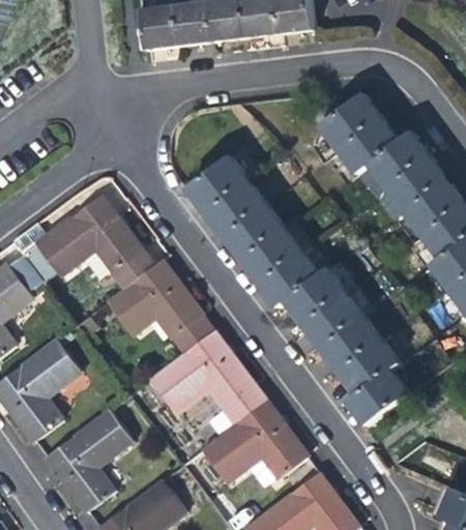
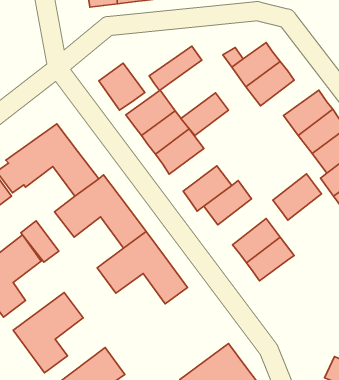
building: none -> [149,46,202,91]
building: none -> [99,63,145,110]
building: [369,132,430,187] -> none
building: [241,229,301,283] -> [181,93,229,136]
building: [302,292,363,350] -> [273,174,321,220]
building: none -> [21,221,59,262]
building: [347,370,409,426] -> none
building: [202,404,304,482] -> none

